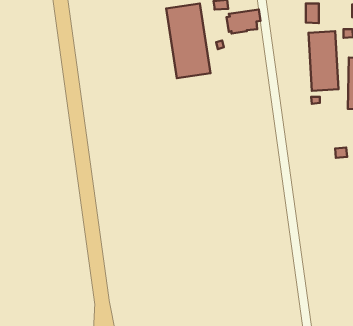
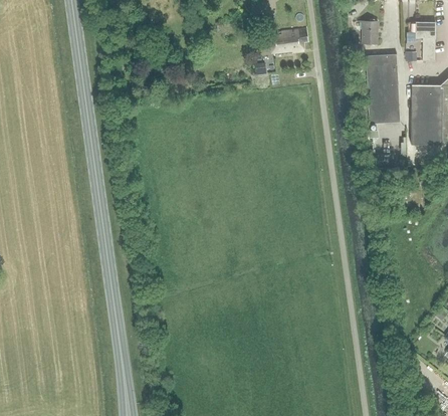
building: [166,3,211,78] -> none

